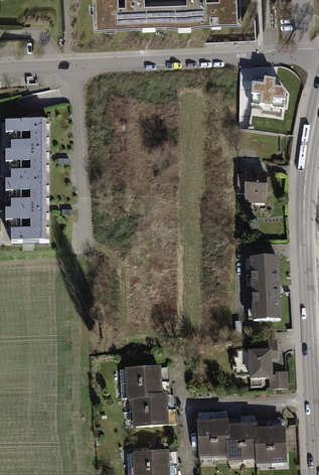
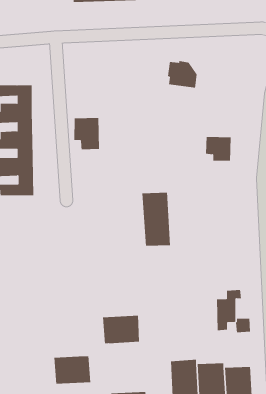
building: [251,77,284,108] -> [167,61,198,88]
building: none -> [74,117,99,150]
building: [246,259,278,318] -> [141,192,171,246]
building: [131,398,172,429] -> [54,356,91,384]

